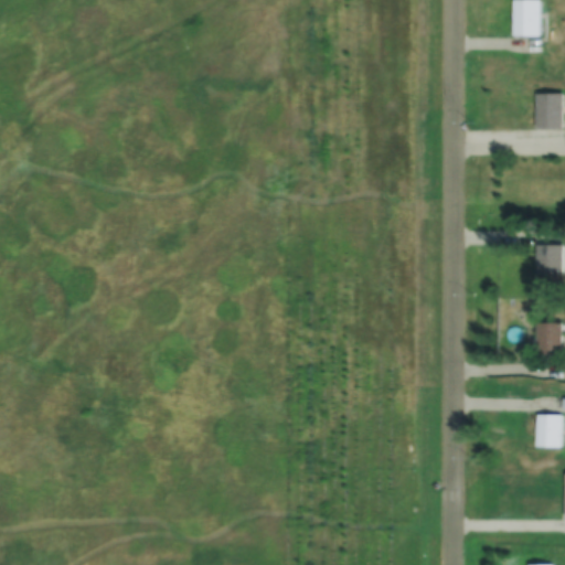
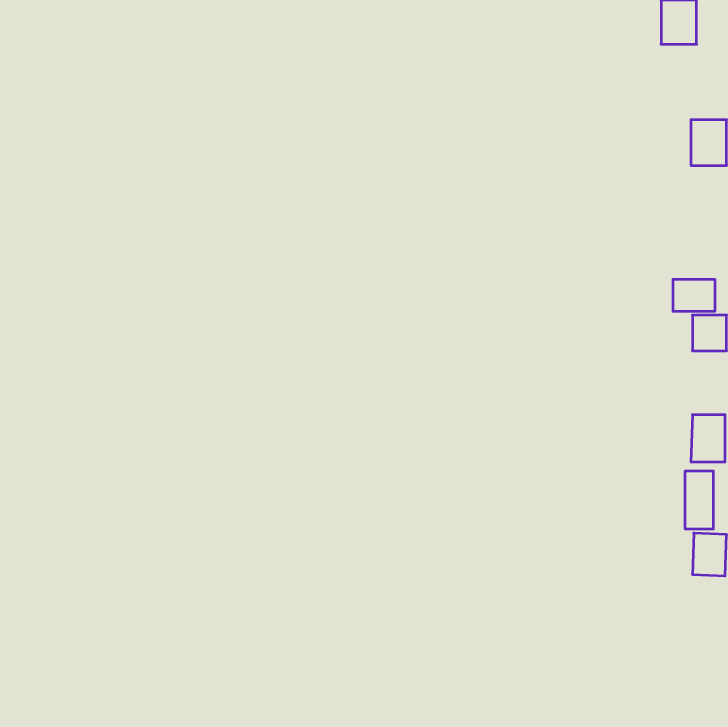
building: none -> [673,279,715,311]
building: none -> [685,471,713,529]

